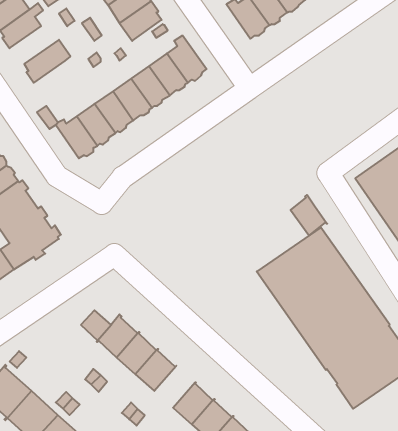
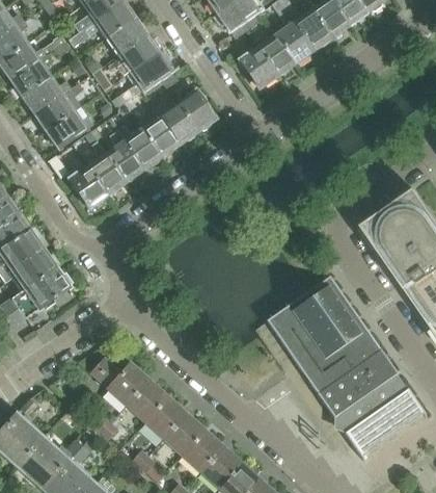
building: none -> [21,76,72,113]
building: none -> [45,110,88,149]
building: [291,195,327,236] -> none
building: none -> [164,413,205,455]

